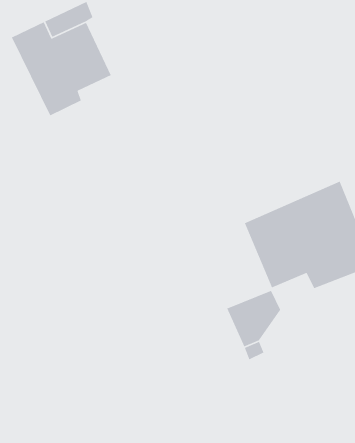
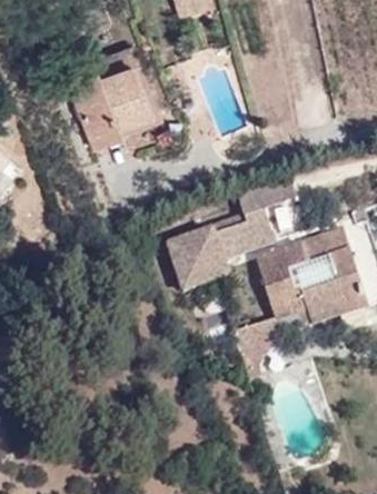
building: none -> [166,179,296,292]

